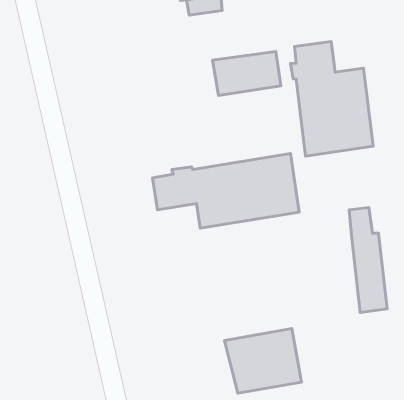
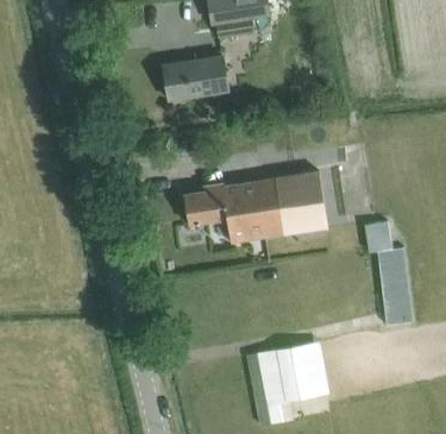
building: [290,41,373,156] -> none
building: [212,52,281,96] -> [162,57,228,100]

